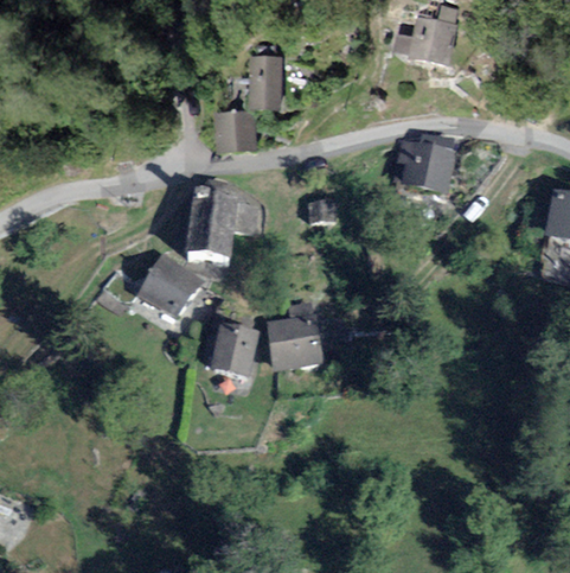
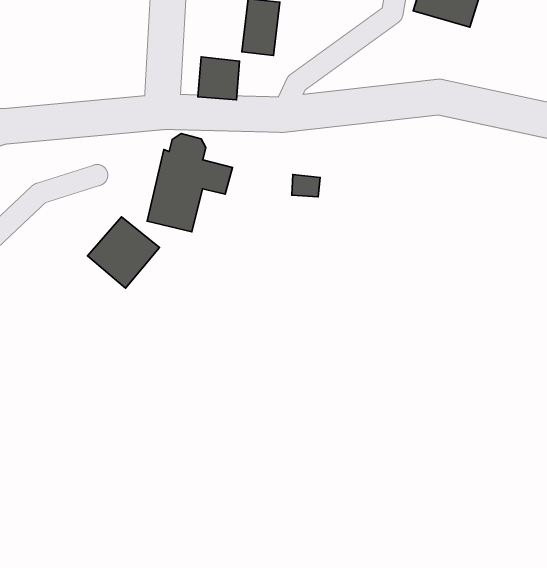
building: [398,144,453,191] -> none
building: [270,319,320,365] -> none
building: [213,326,256,378] -> none

